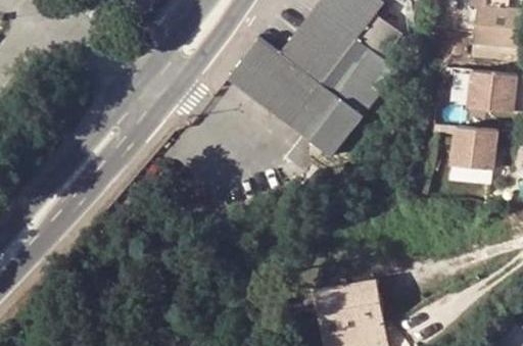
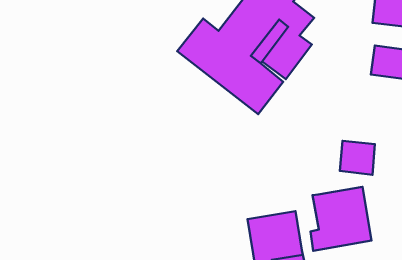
building: [451,125,495,167] -> [340,141,375,175]
building: none -> [311,187,371,251]

